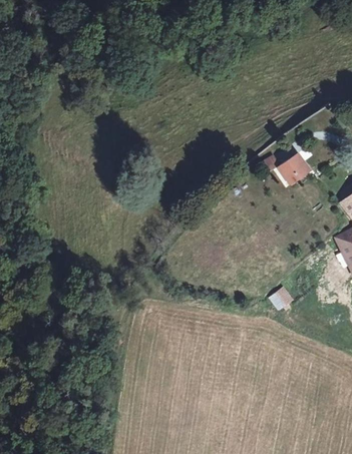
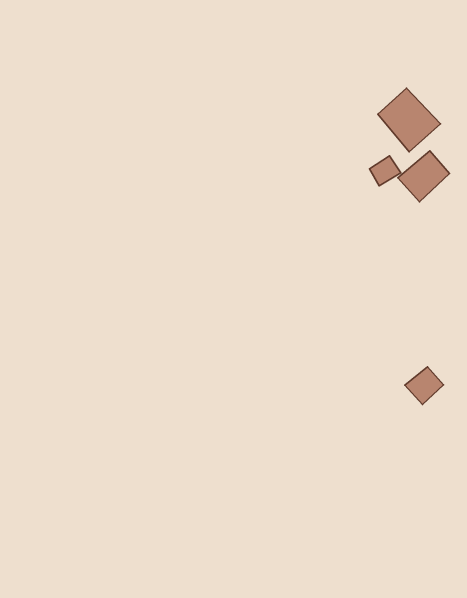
building: none -> [378,88,440,152]

